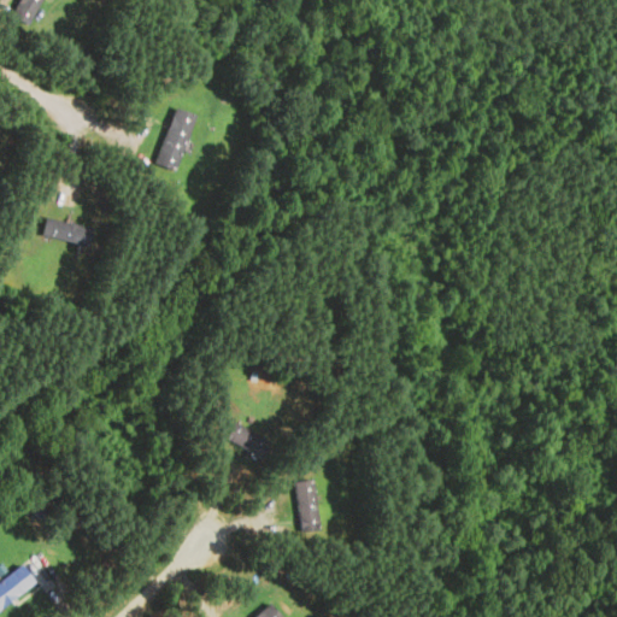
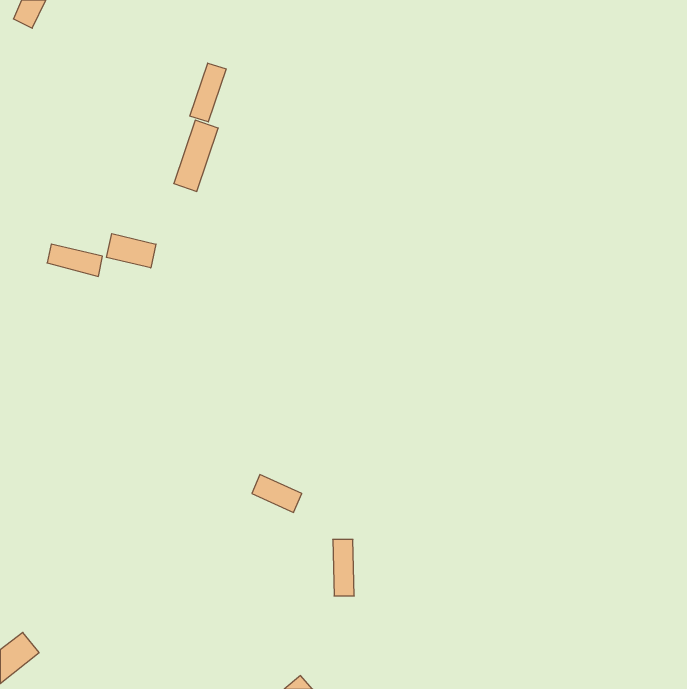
building: none -> [190,63,226,122]
building: none -> [106,234,156,268]

